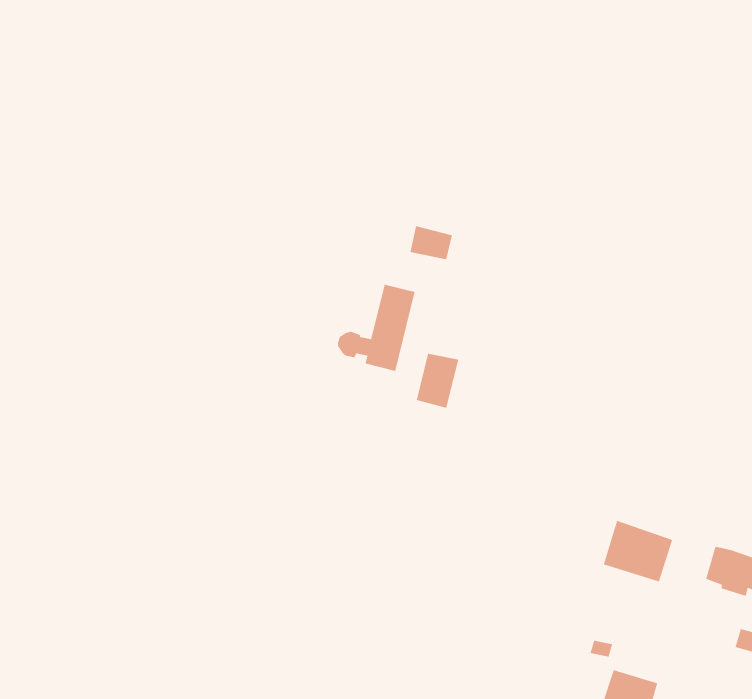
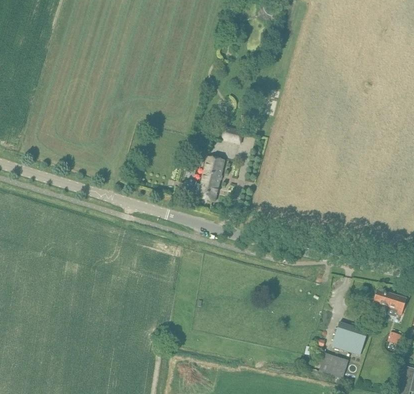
building: [416,353,459,409] -> none
building: [603,520,673,583] -> [332,322,368,354]

